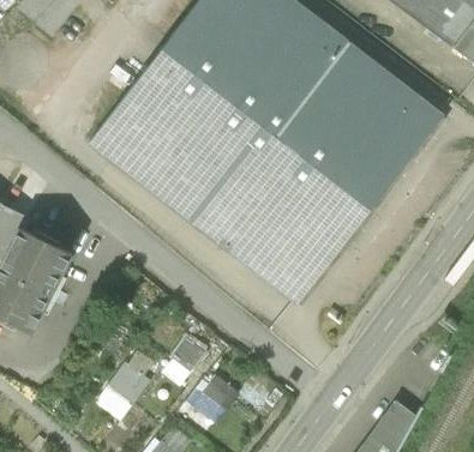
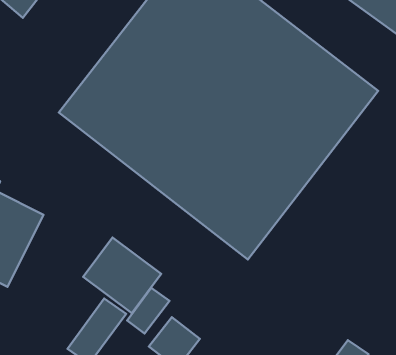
building: none -> [83,237,161,313]

